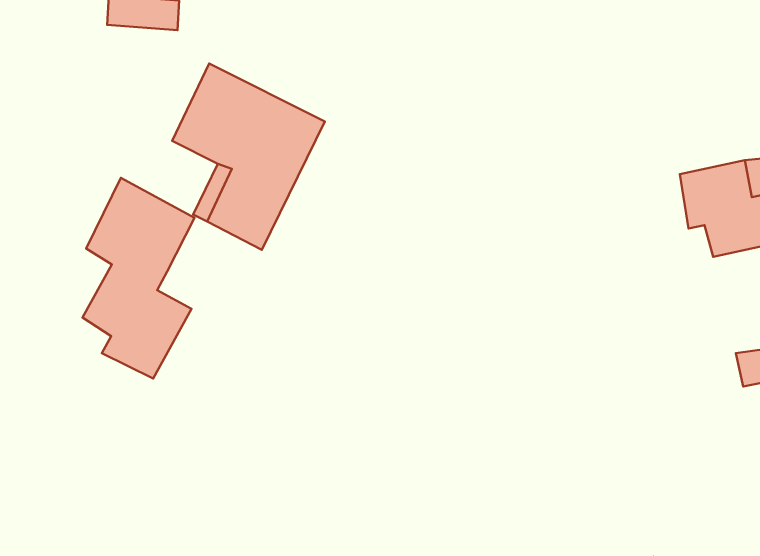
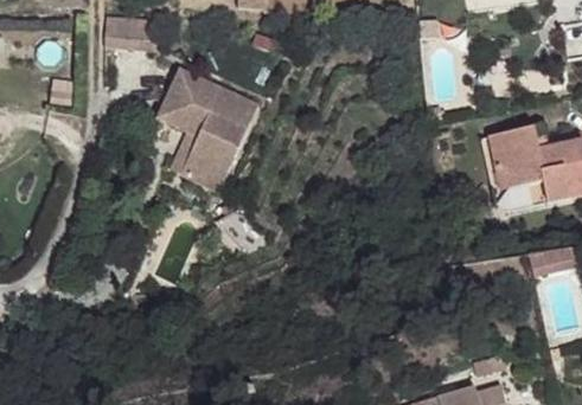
building: [83,178,195,378] -> none

